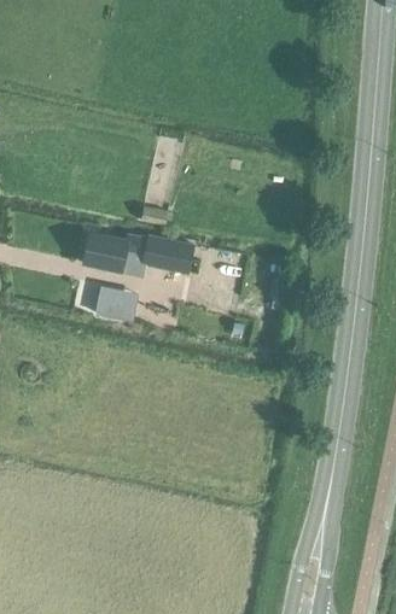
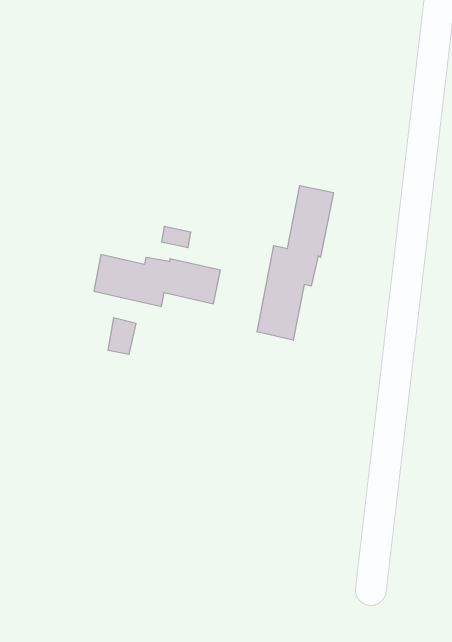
building: none -> [257,186,333,340]

